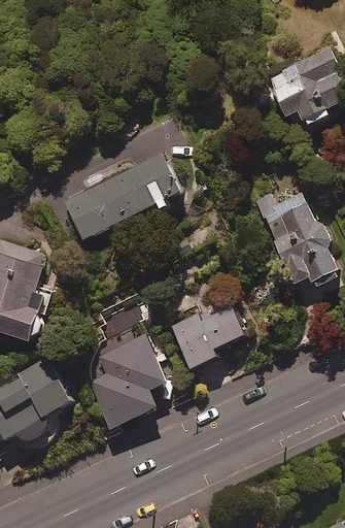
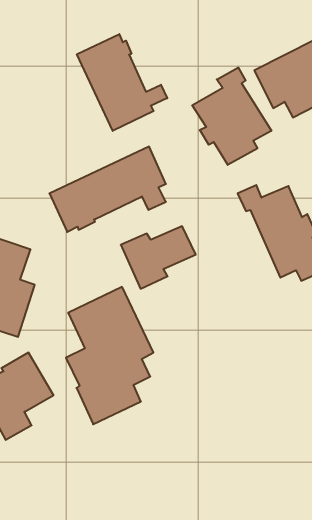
building: none -> [77,34,167,131]
building: none -> [192,68,271,165]
building: [170,306,244,368] -> [121,226,196,289]

